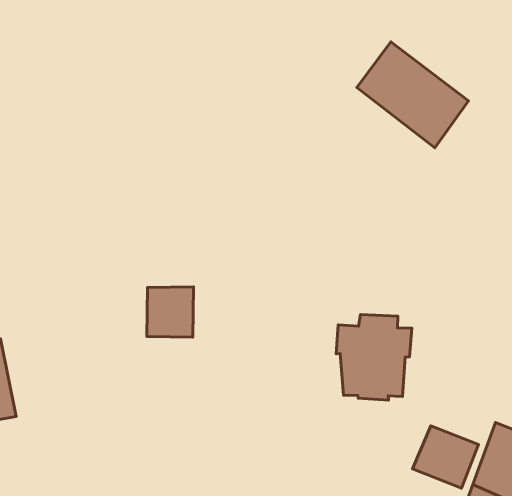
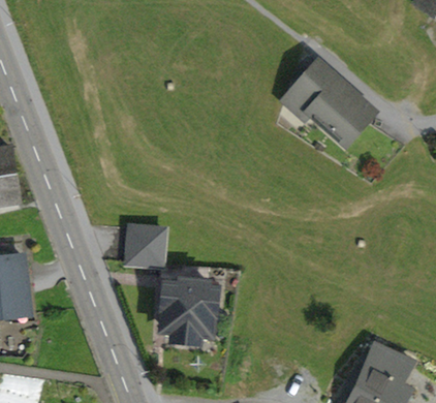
building: [336,315,412,400] -> [161,280,217,343]
building: [413,426,478,488] -> none

